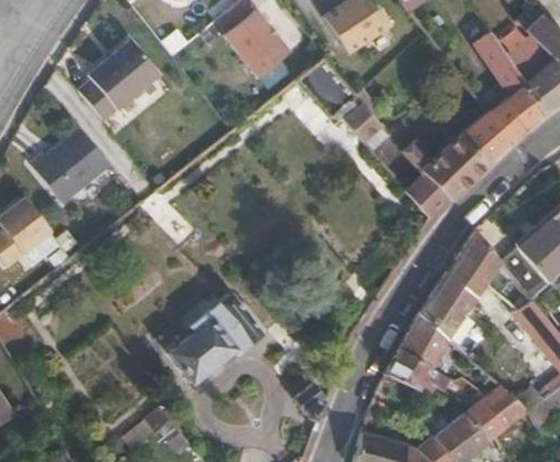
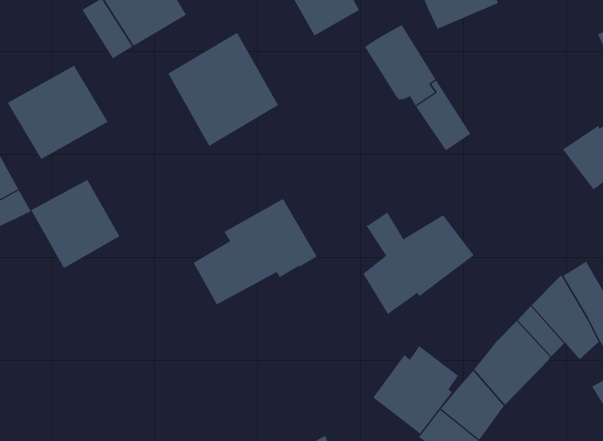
building: none -> [167,32,279,147]
building: [402,135,489,218] -> [362,212,474,315]
building: none -> [30,179,120,269]
building: [169,293,263,384] -> [193,198,317,305]
building: none -> [372,345,459,434]

